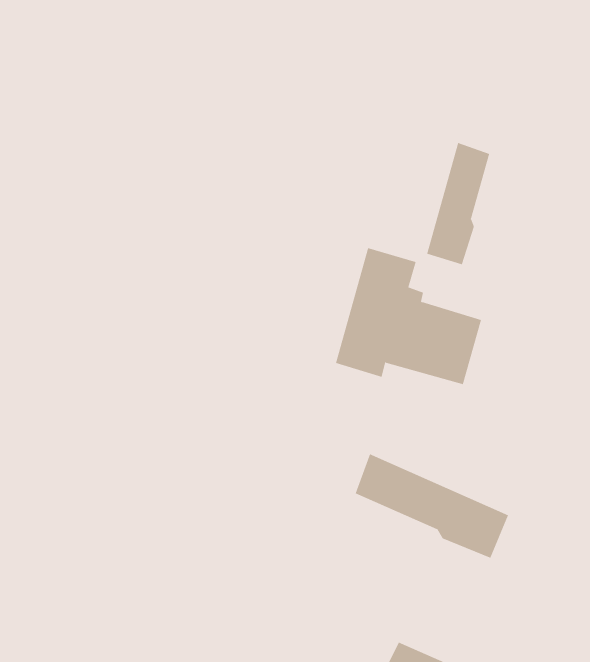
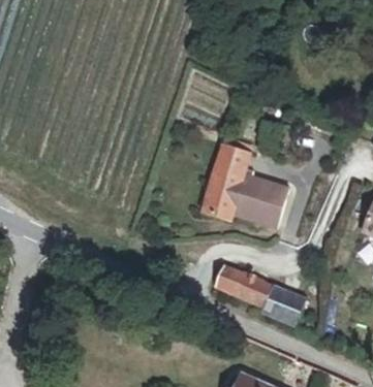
building: [426,142,490,265] -> none

